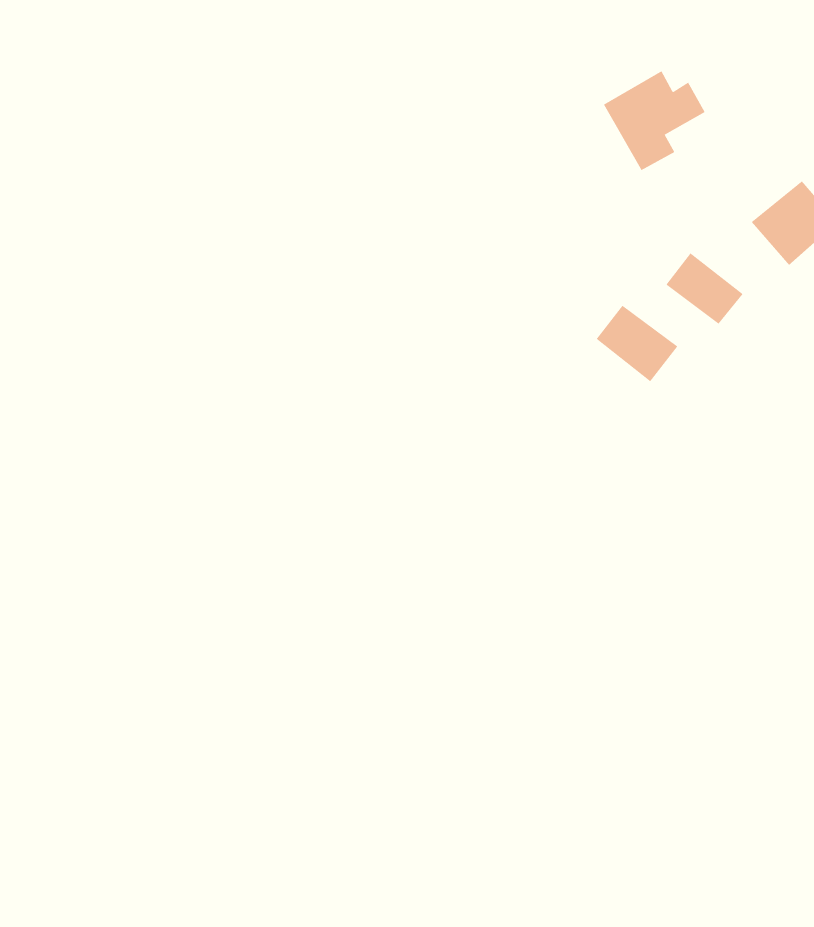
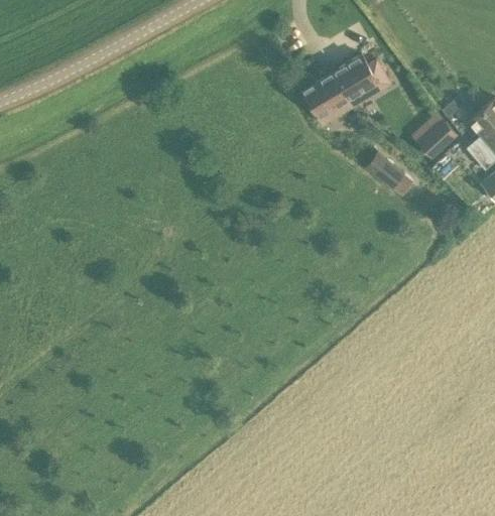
building: none -> [302,73,353,126]
building: [596,305,678,382] -> none

